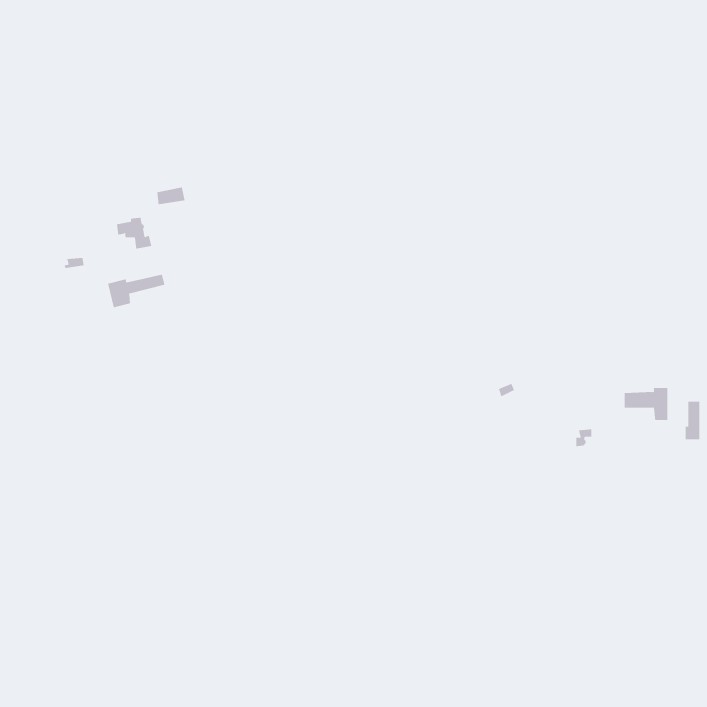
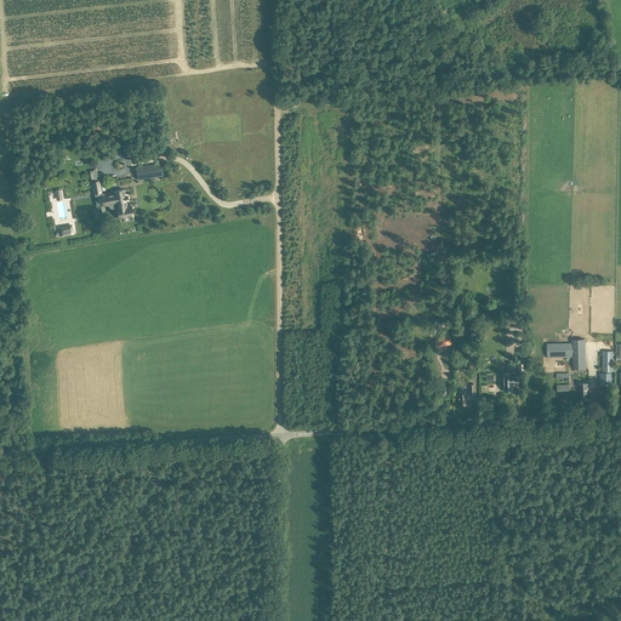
building: [107,274,165,308] -> none

